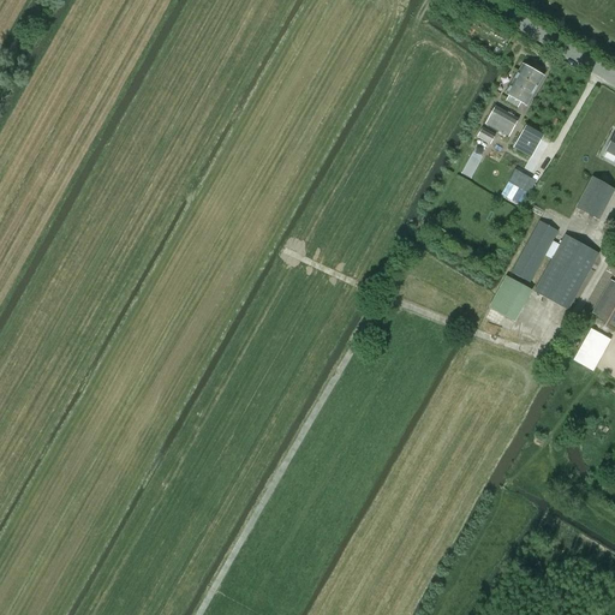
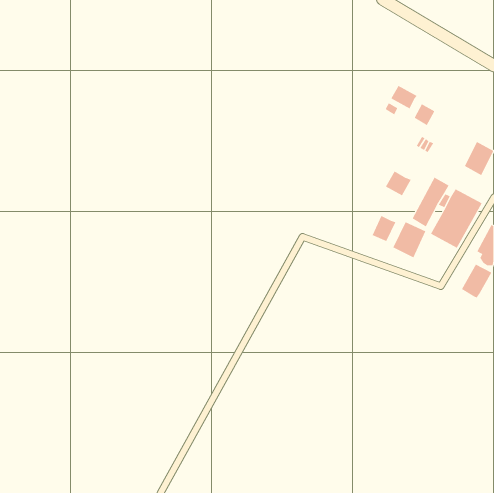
building: [506,64,543,106] -> none
building: none -> [385,170,411,196]
building: none -> [372,215,396,242]

